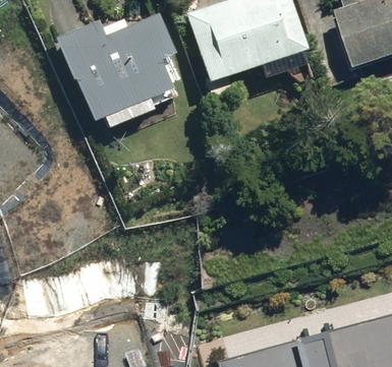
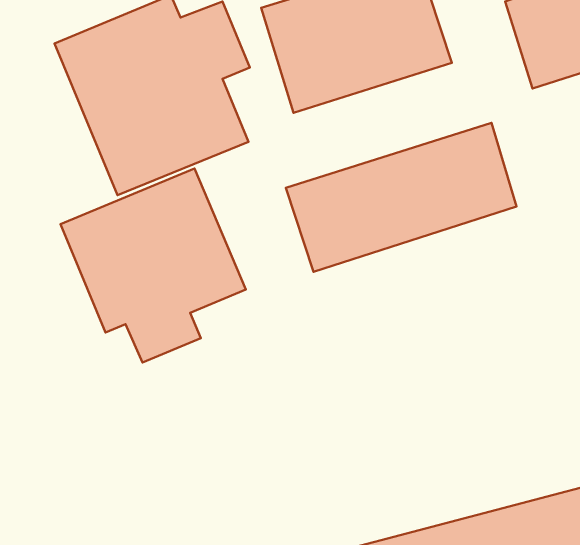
building: none -> [286,123,516,272]
building: none -> [61,168,246,363]

